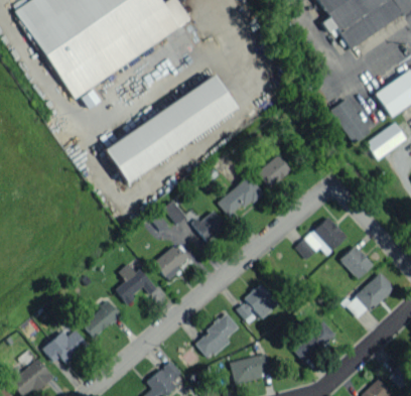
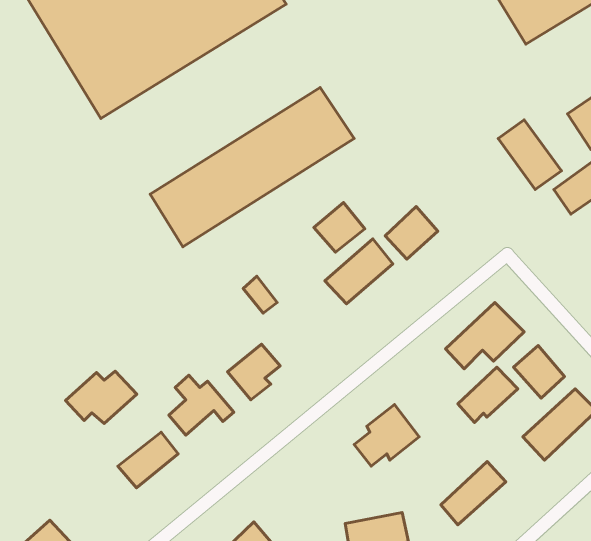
building: [193,209,227,241] -> [314,203,365,252]
building: none -> [458,367,518,422]
building: [195,313,239,359] -> none
building: [43,329,90,364] -> [66,371,137,424]

